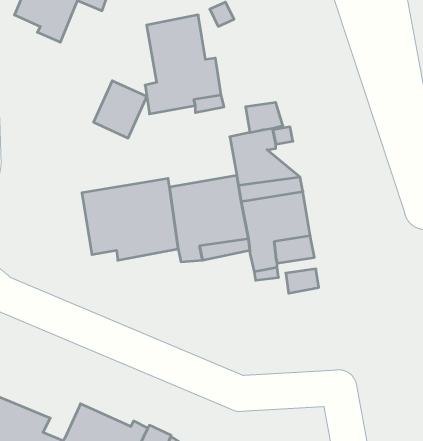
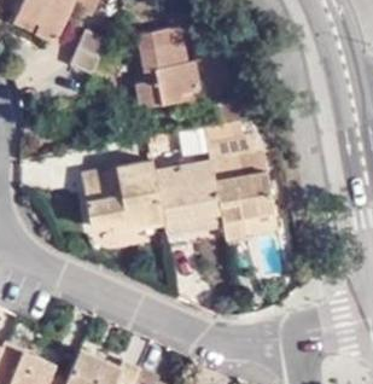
building: [94,81,147,138] -> [60,25,105,74]

